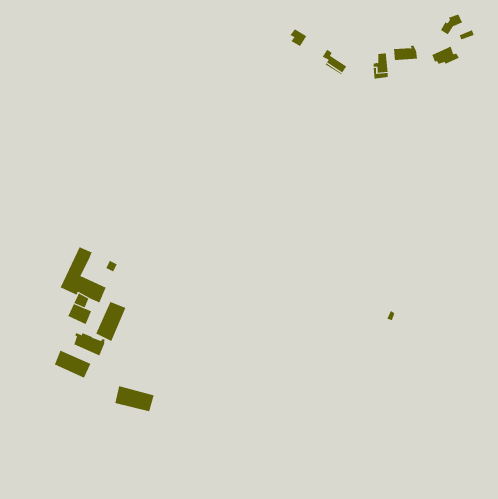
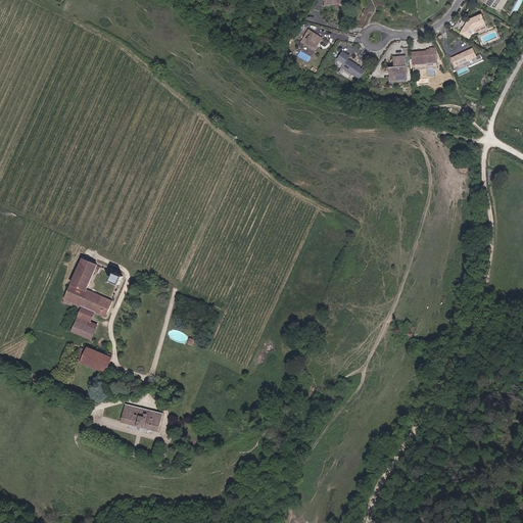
building: [96,301,126,342] -> none
building: [54,350,91,378] -> none

